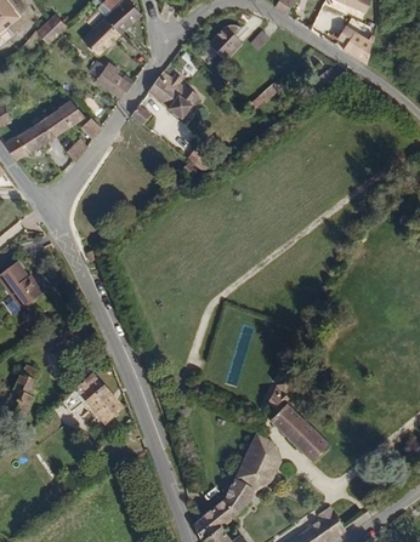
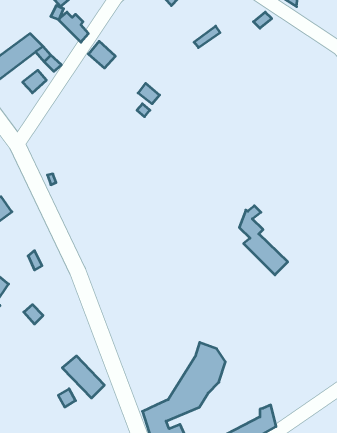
building: [148,70,197,120] -> none
building: [70,378,118,426] -> [62,356,104,398]
building: [268,383,323,461] -> [239,206,288,275]

